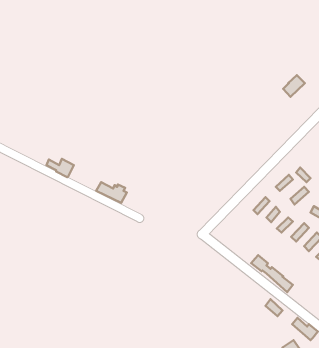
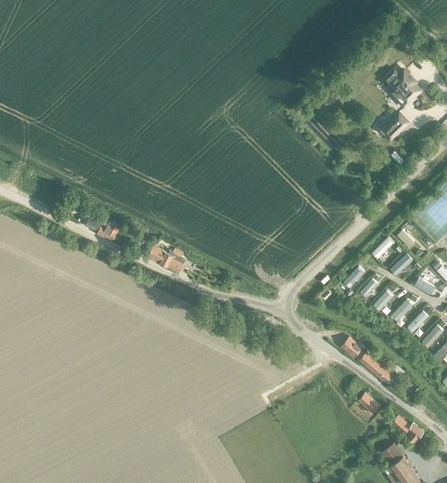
building: none -> [385,70,421,107]

